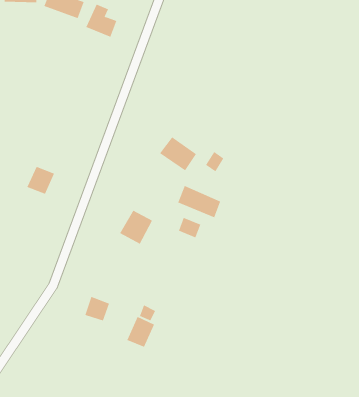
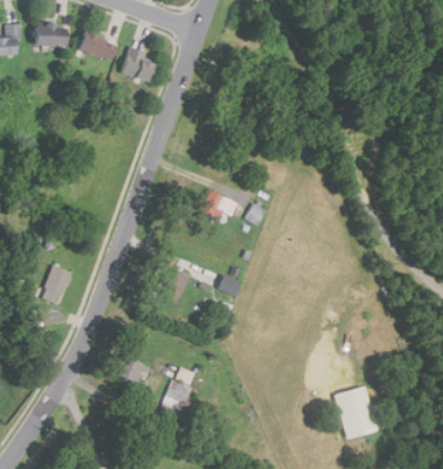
building: [27,166,55,195] -> [43,265,73,295]
building: [178,185,221,218] -> none
building: none -> [336,385,373,434]

